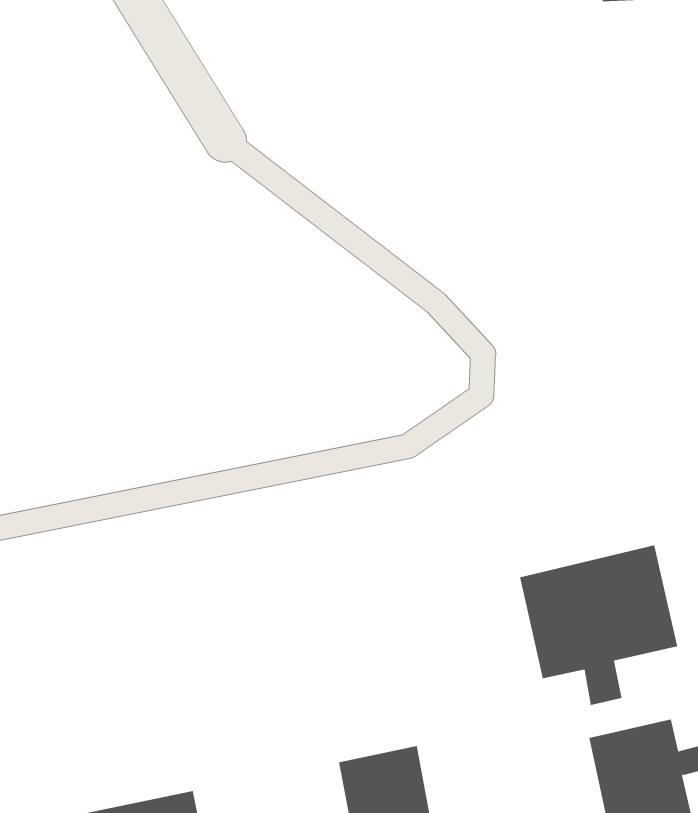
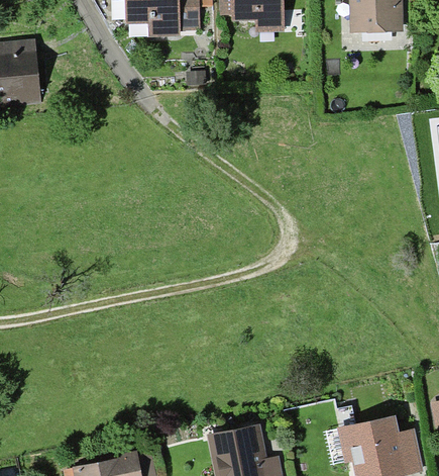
building: [519,545,678,706] -> none

